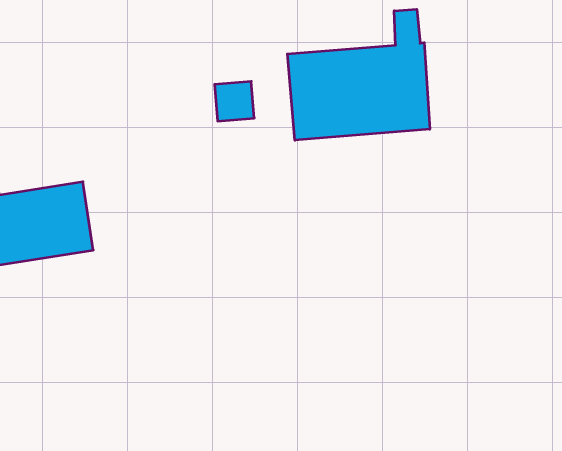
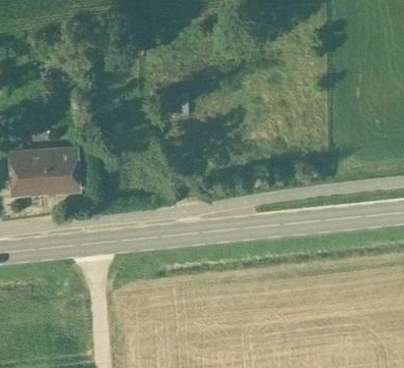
building: [287,9,430,140] -> none

